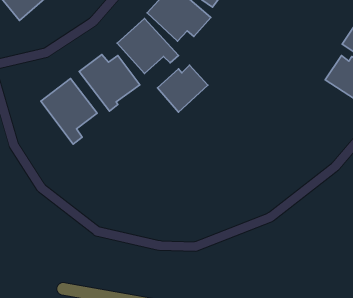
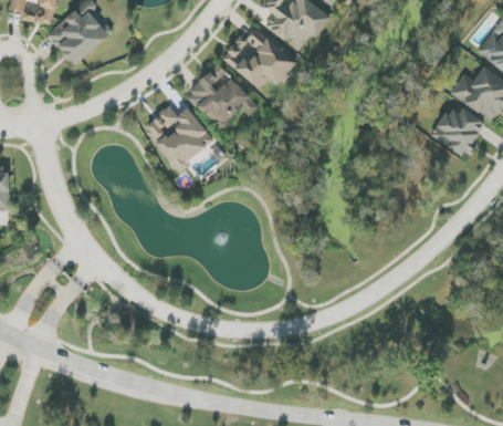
building: [157,65,208,112] -> none
building: [41,78,97,144] -> none

